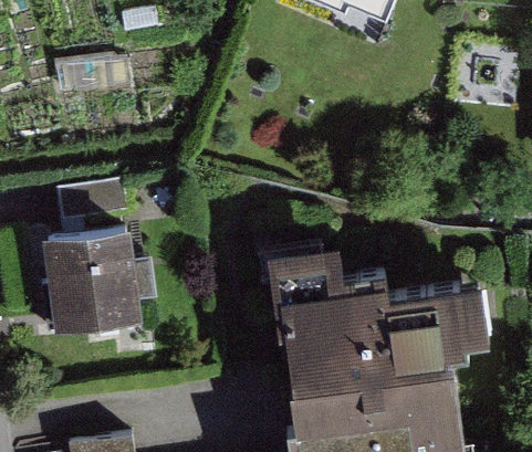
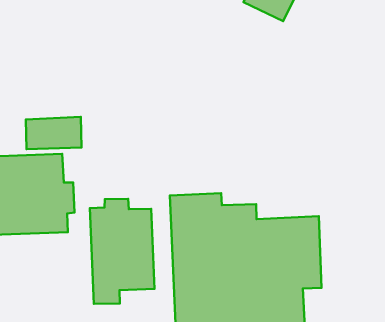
building: none -> [90,199,154,304]

